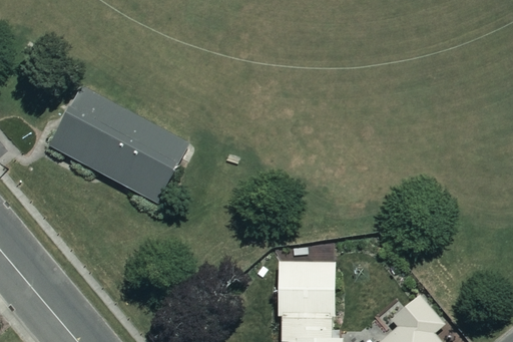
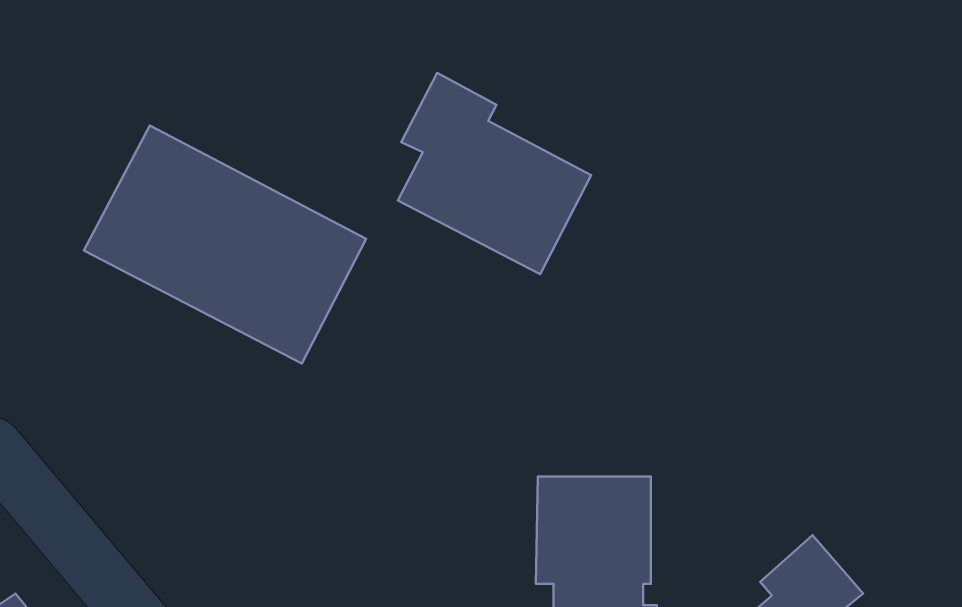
building: none -> [398,73,591,274]

